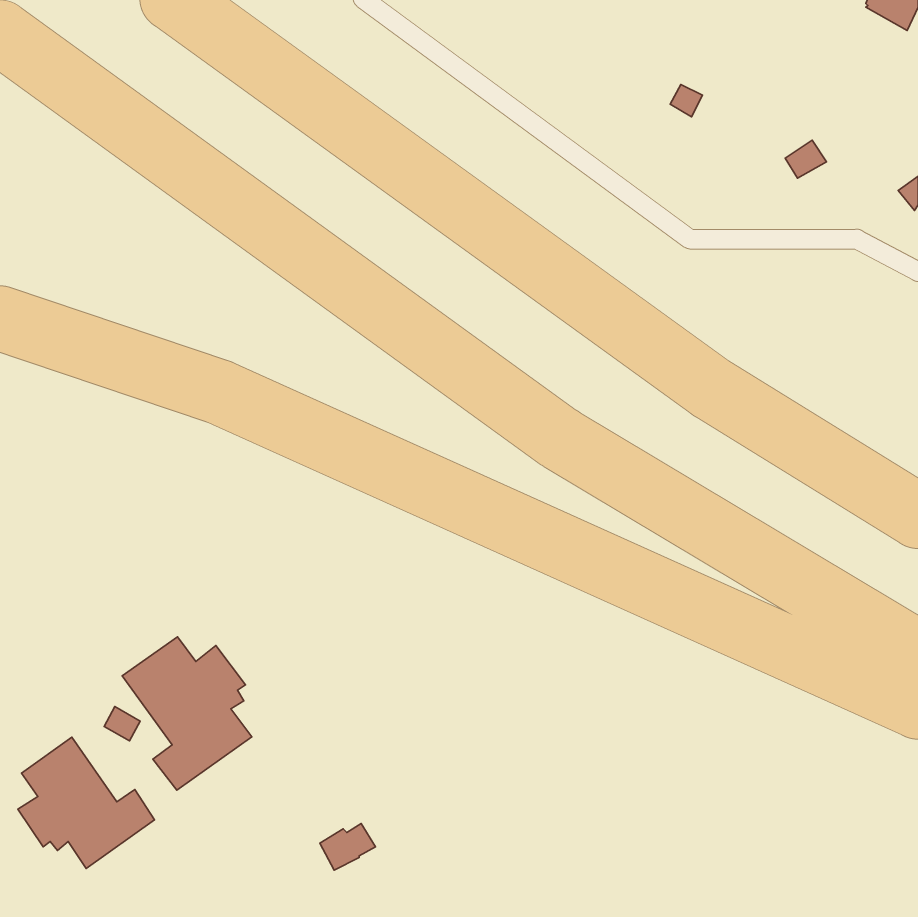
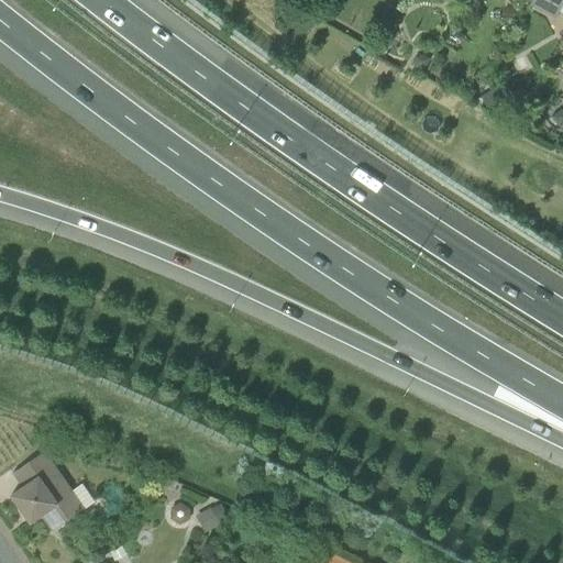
building: [122,637,252,790] -> none

